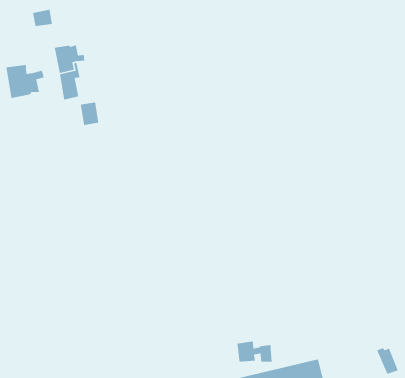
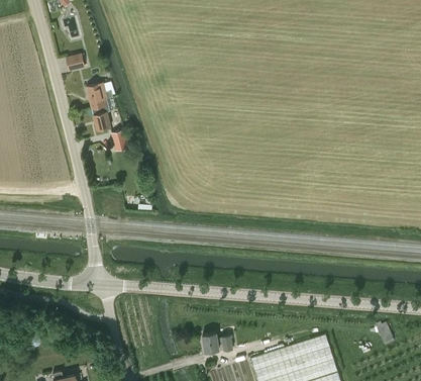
building: [6,64,45,99] -> none
building: [237,341,272,363] -> [201,332,232,352]

